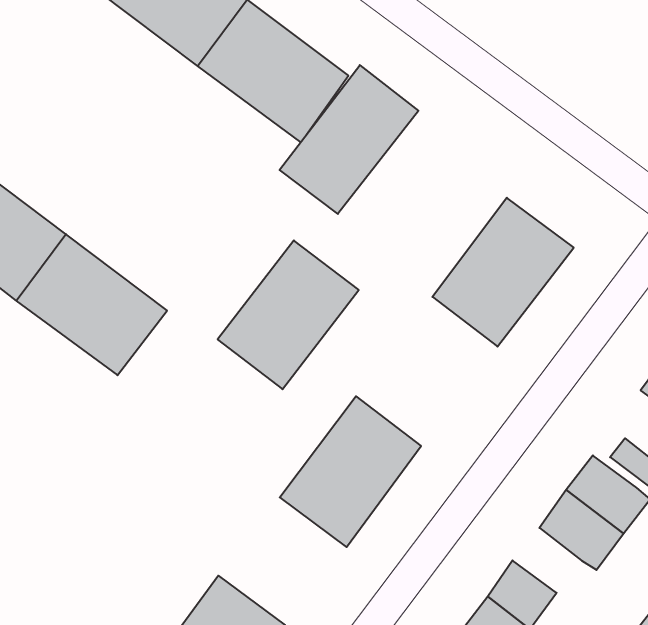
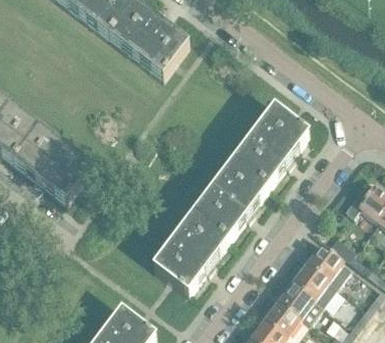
building: [280,65,418,214] -> none
building: [218,240,359,389] -> [192,159,268,239]
building: none -> [276,283,313,317]

